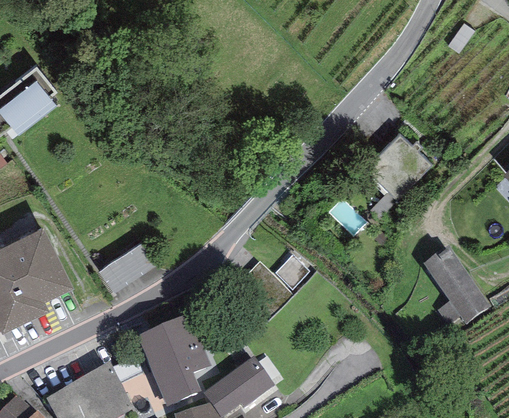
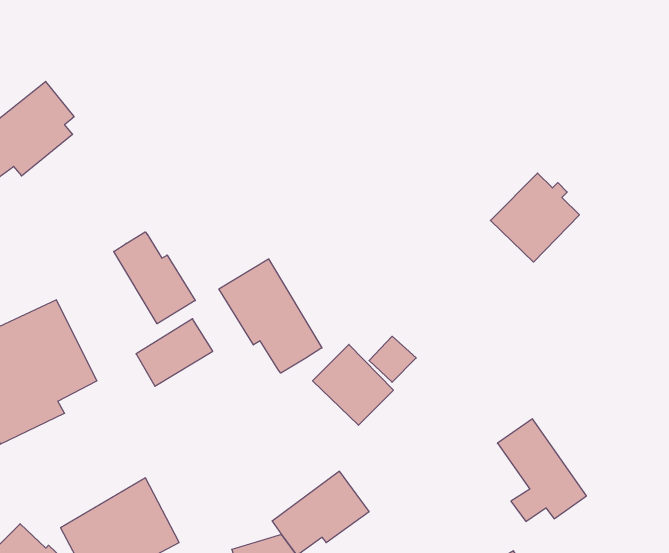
building: none -> [114,232,195,324]
building: none -> [219,259,322,373]
building: [425,250,491,326] -> [497,419,586,521]
building: [135,313,209,406] -> none

